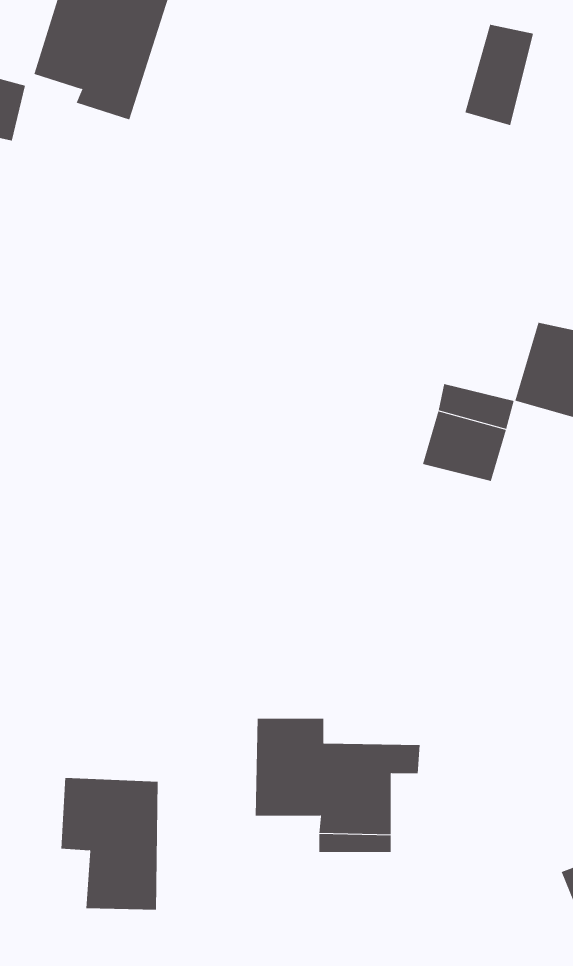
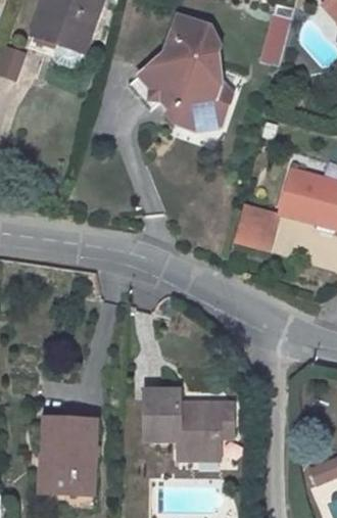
building: none -> [129,10,232,128]

